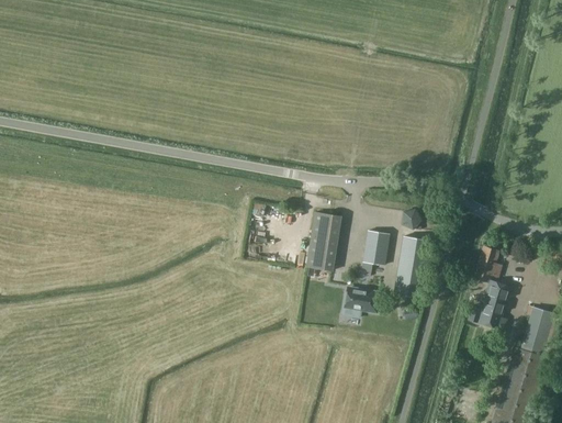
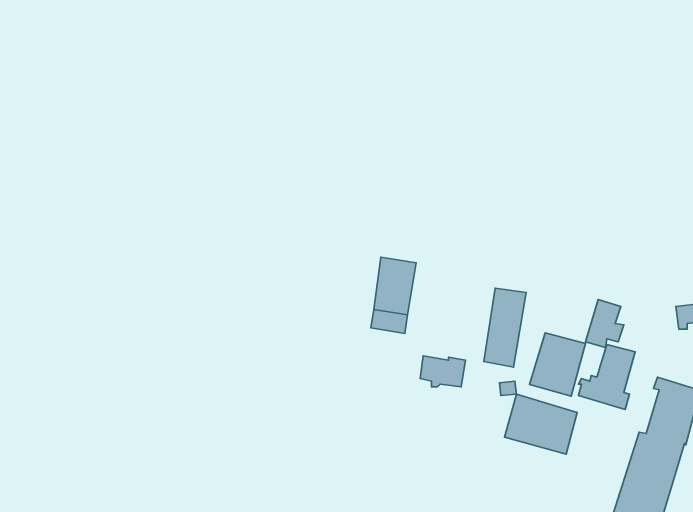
building: [362,230,389,265] -> none
building: none -> [529,333,586,396]
building: none -> [504,394,577,454]

